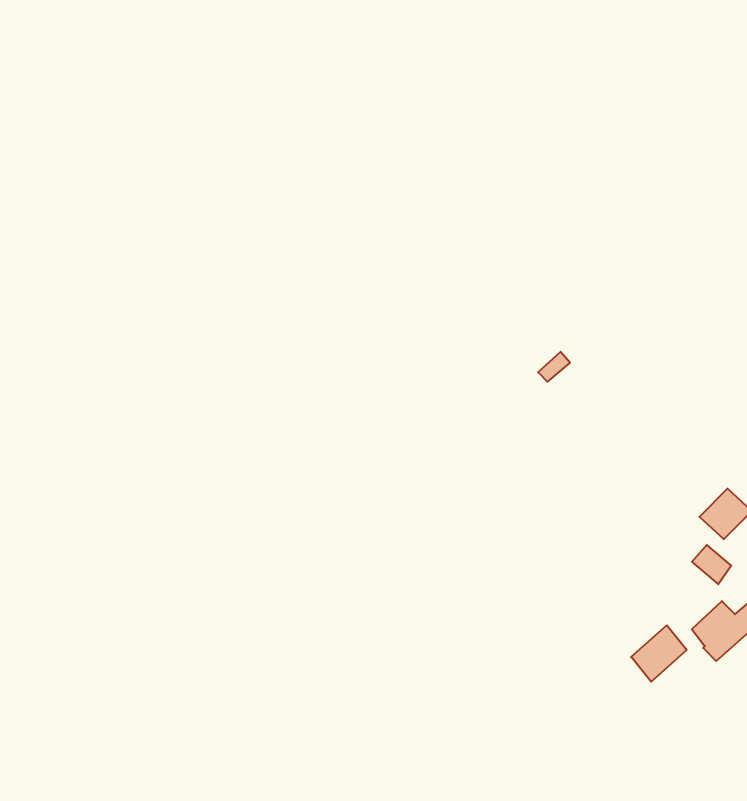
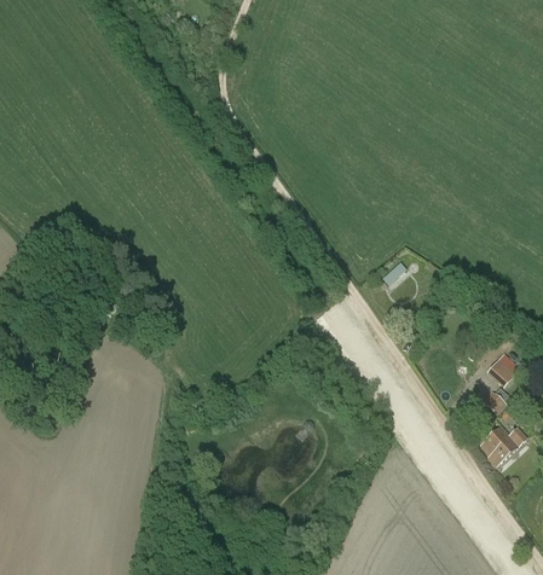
building: [631,625,687,682] -> none

